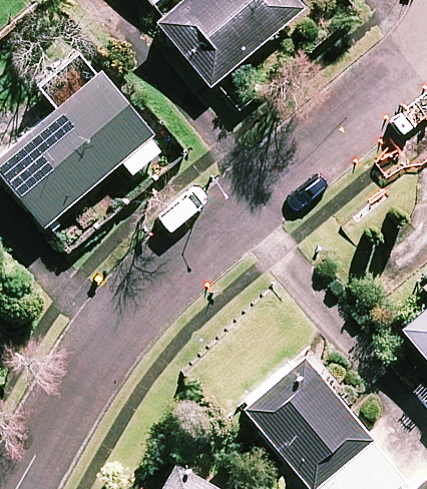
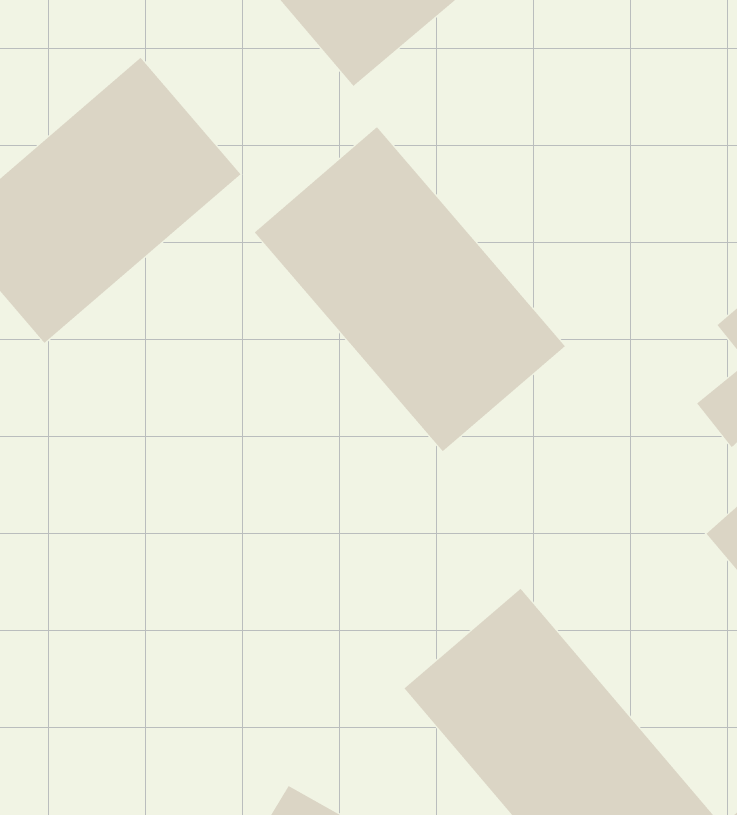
building: none -> [254,126,566,452]

